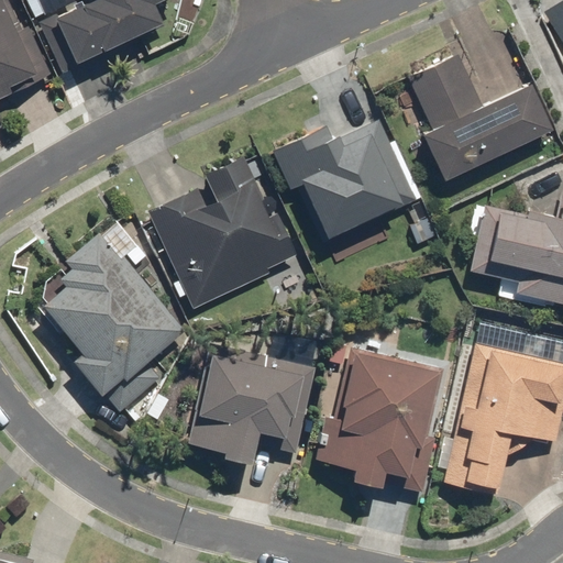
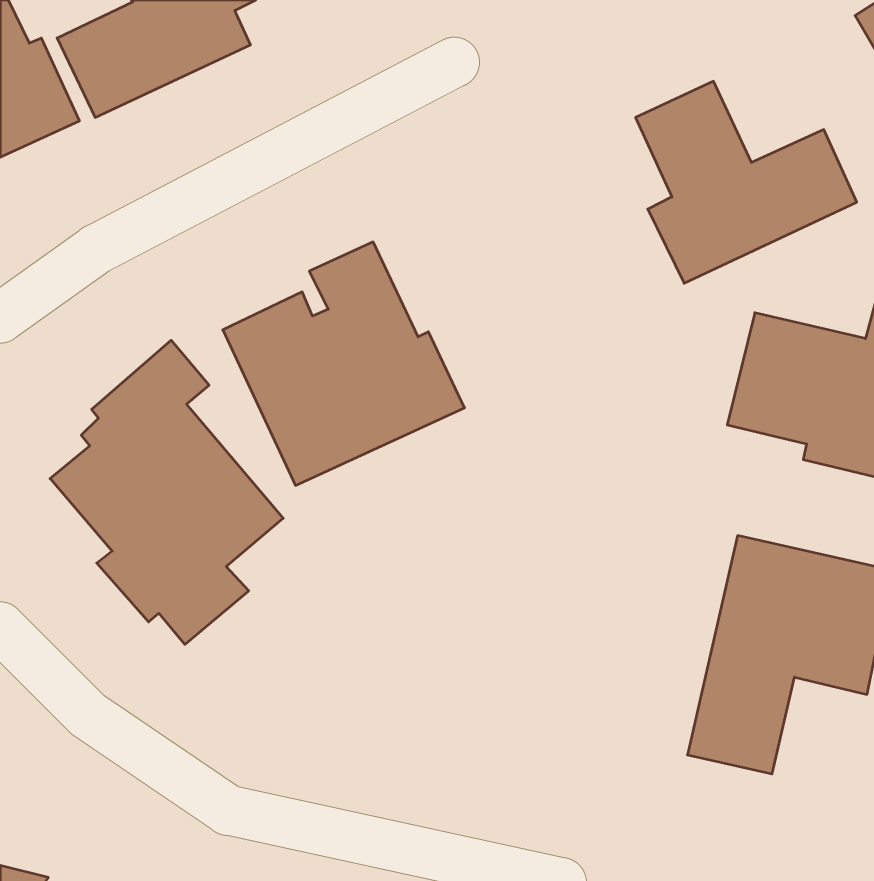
building: [272,119,419,243] -> none
building: [314,347,451,494] -> none
building: [188,352,319,465] -> none

